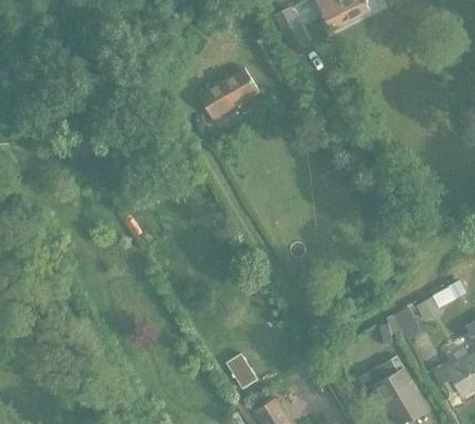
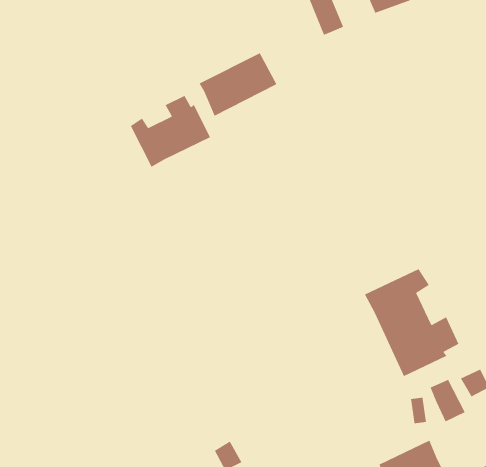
building: none -> [130,95,211,168]
building: none -> [364,268,459,377]

